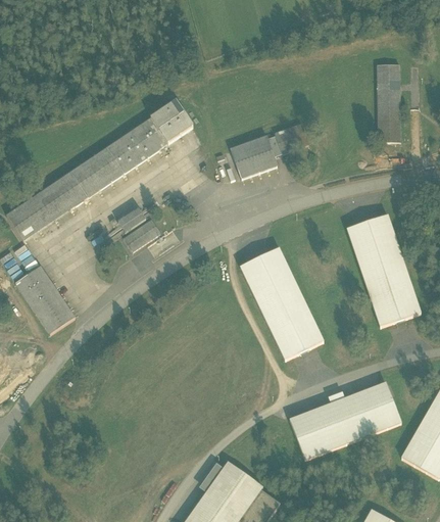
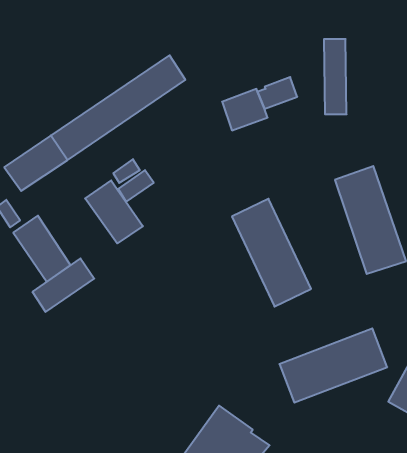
building: [377,64,400,142] -> [324,39,347,114]
building: none -> [85,180,143,243]
building: none -> [33,258,94,312]

